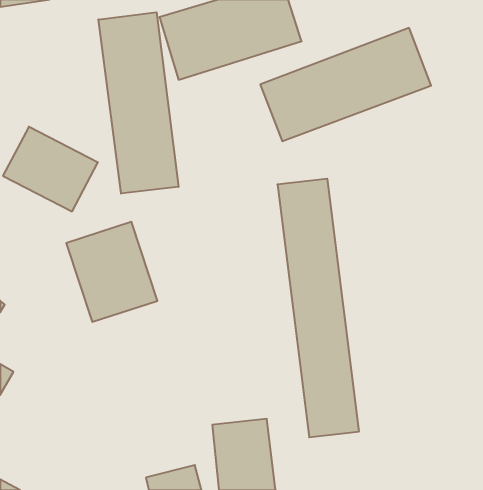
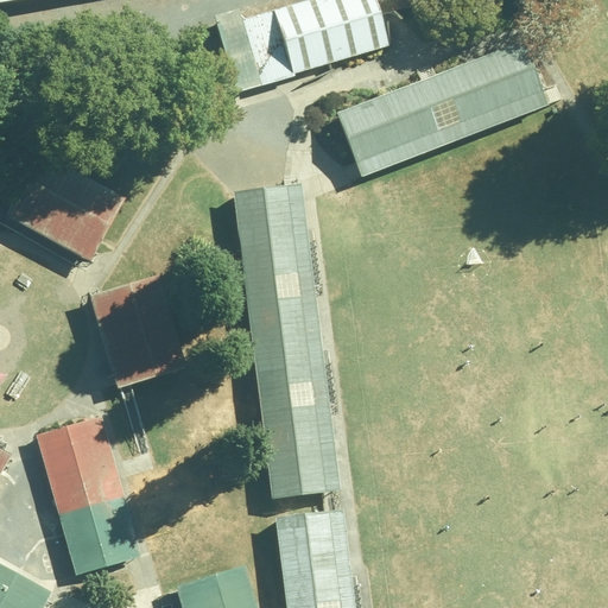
building: [98,12,178,194] -> none
building: [277,179,359,437] -> [235,183,336,502]
building: none -> [40,417,145,583]

